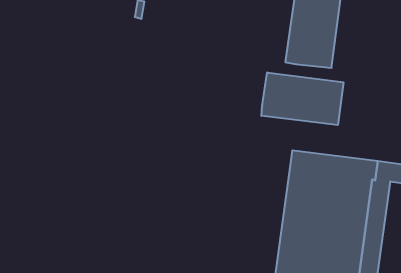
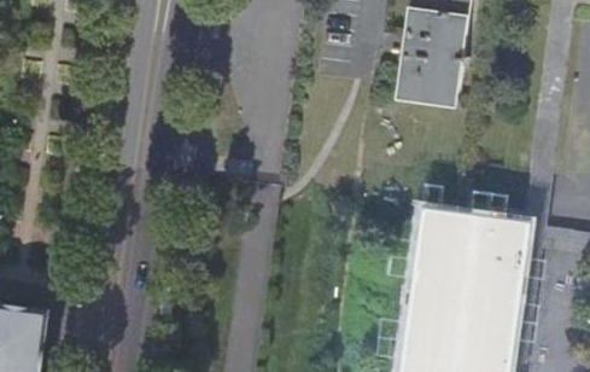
building: [261,72,343,125] -> none

